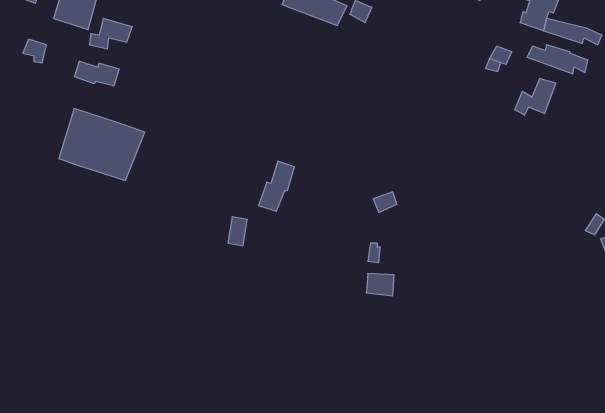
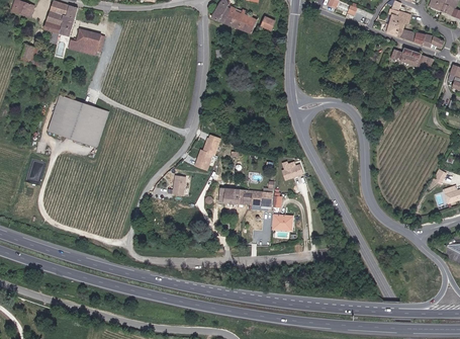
building: [75,61,119,86] -> none
building: [515,78,556,115] -> none
building: none -> [218,187,272,206]

